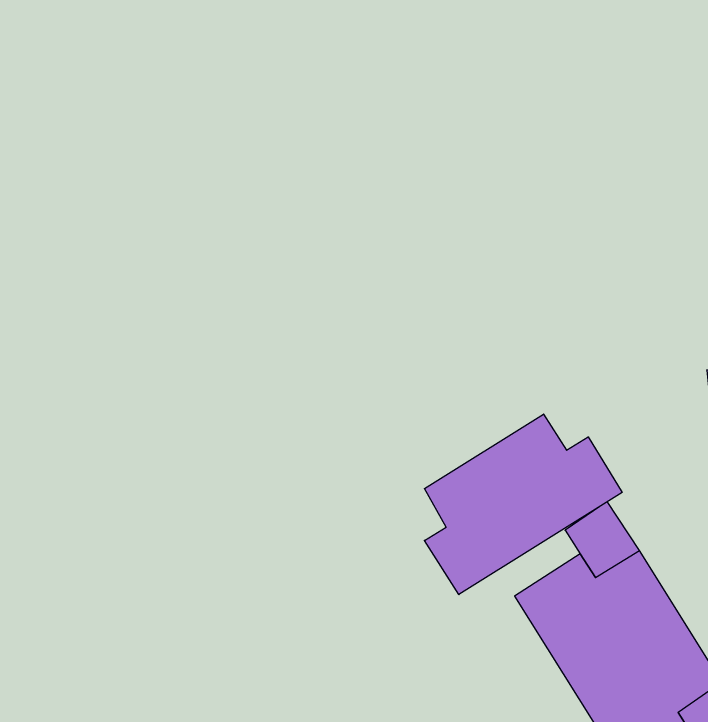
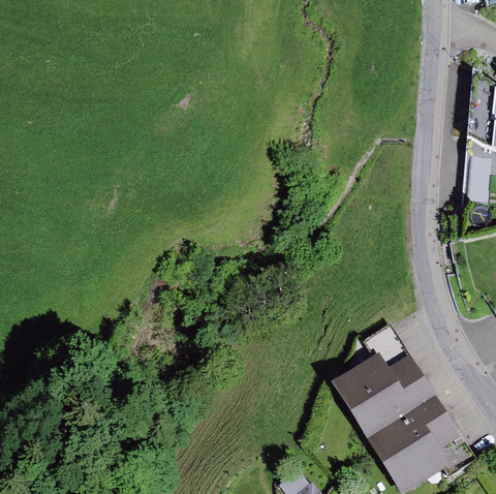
building: [424,414,622,595] -> none

